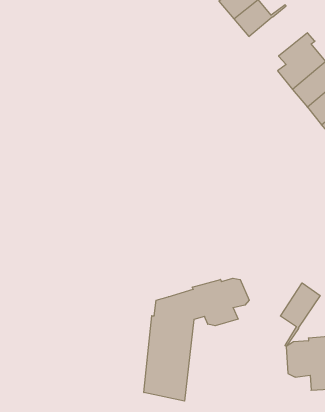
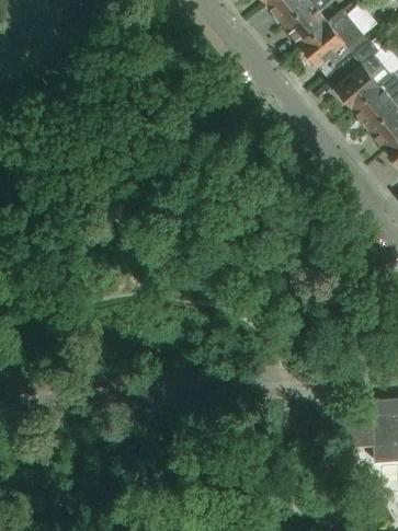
building: none -> [300,10,369,69]
building: [144,278,249,401] -> none
building: [280,283,320,346] -> none

